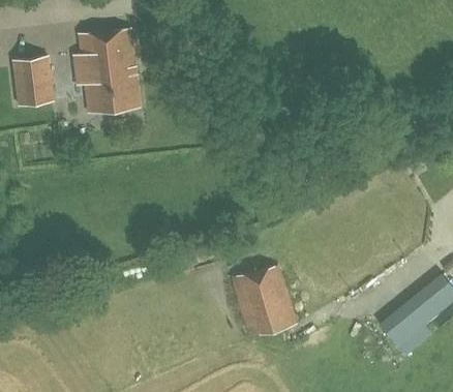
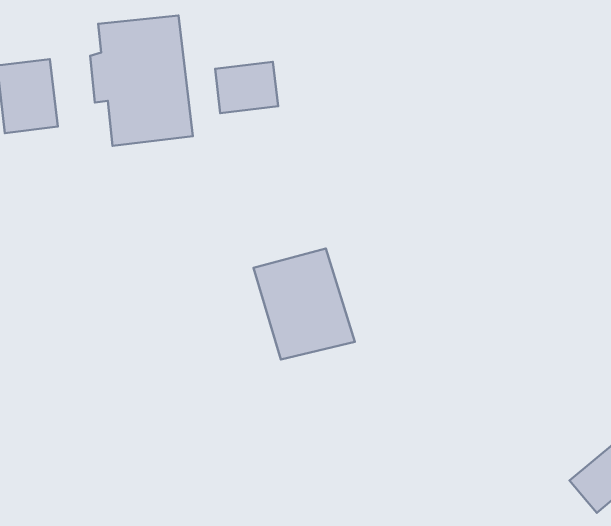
building: none -> [215,62,278,113]
building: [231,264,296,335] -> [254,249,355,360]

